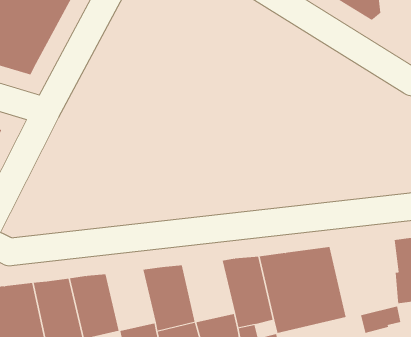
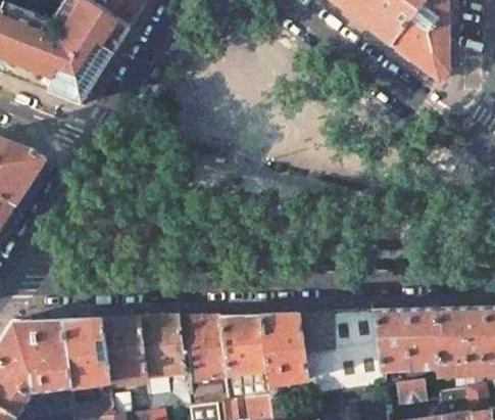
building: none -> [373,309,440,369]
building: none -> [218,314,267,375]
building: none -> [139,316,185,377]

